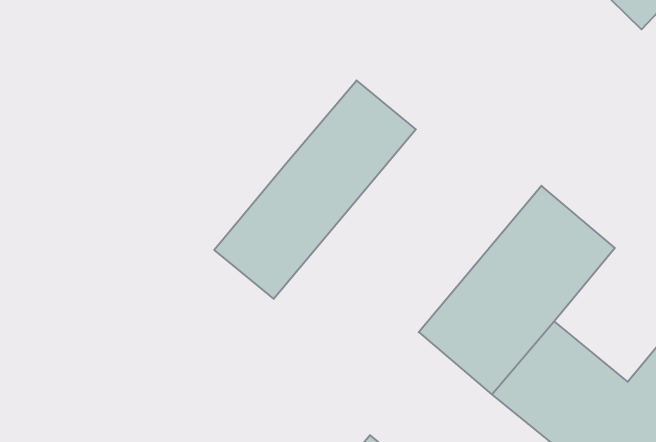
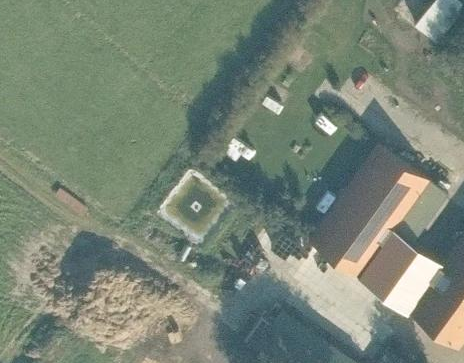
building: [214,80,416,299] -> none

